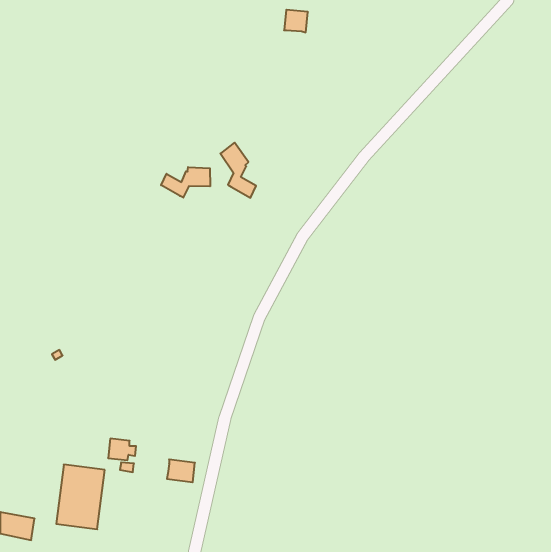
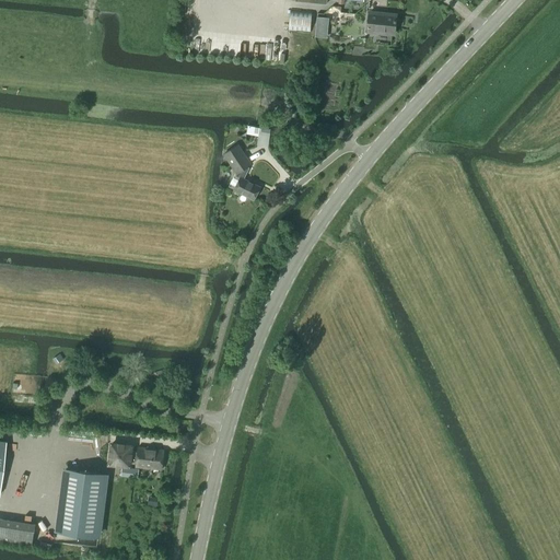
building: none -> [369,11,398,36]
building: [161,167,210,198] -> none
building: [167,459,195,482] -> [137,447,165,470]

